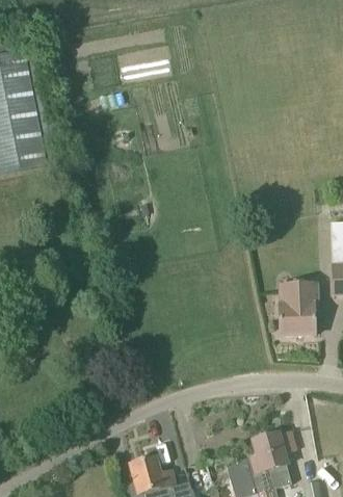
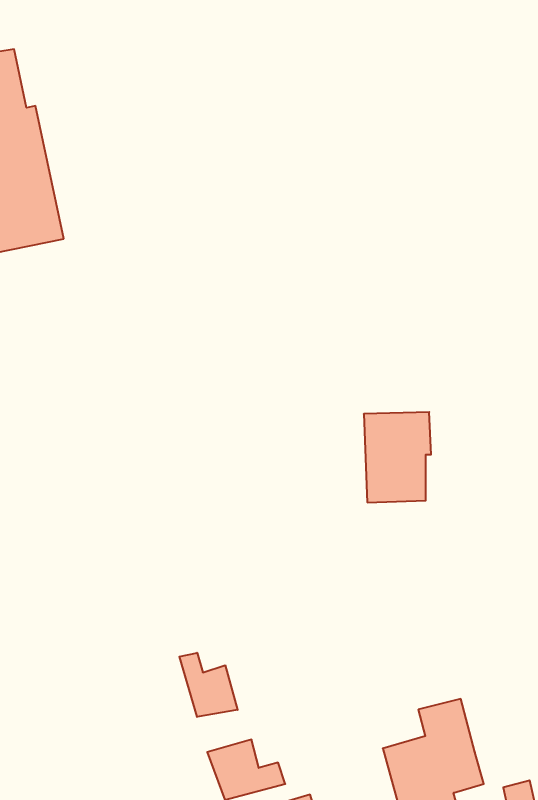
building: [279,282,318,335] -> [364,412,431,502]
building: none -> [179,653,238,717]

